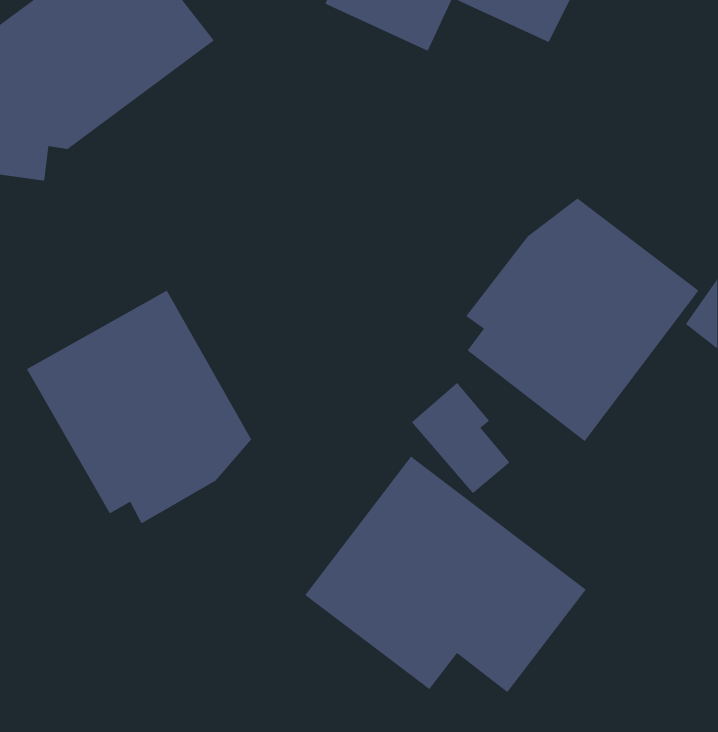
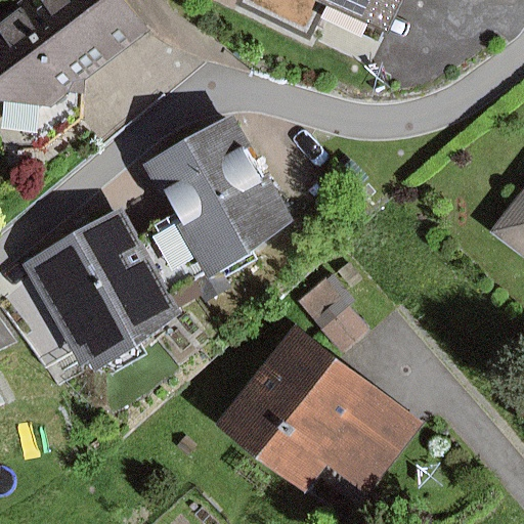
building: none -> [145,113,293,276]
building: [465,197,700,442] -> none

